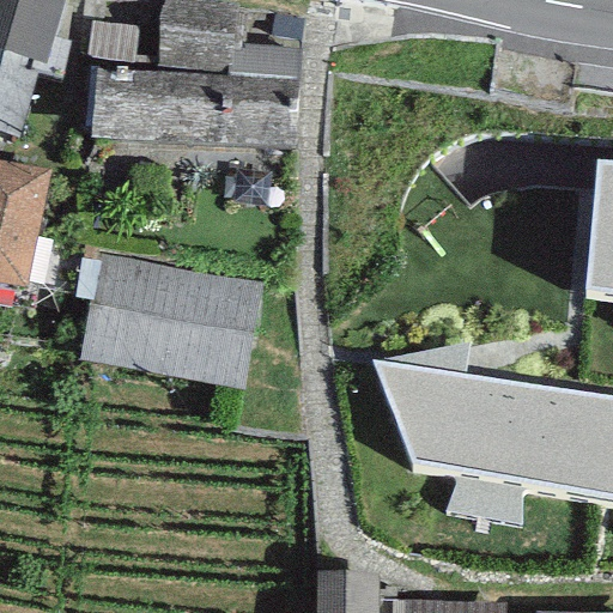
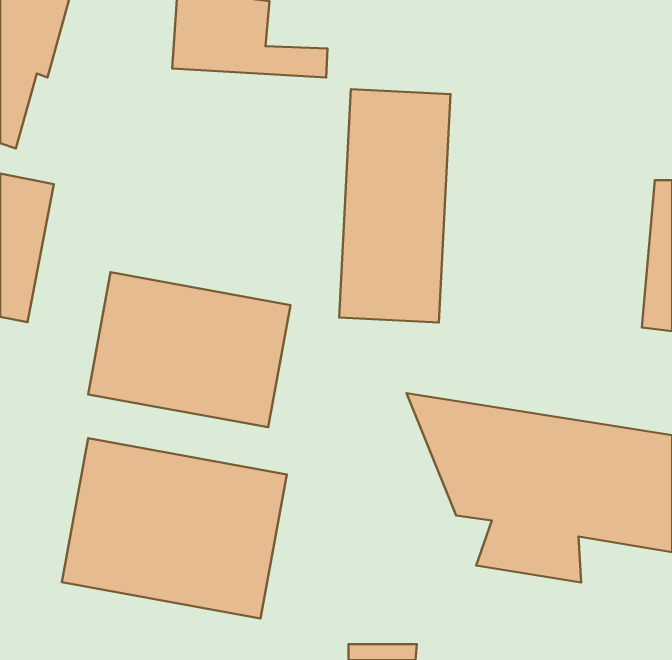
building: [93,68,298,148] -> none
building: none -> [339,89,450,323]
building: none -> [62,438,287,619]

